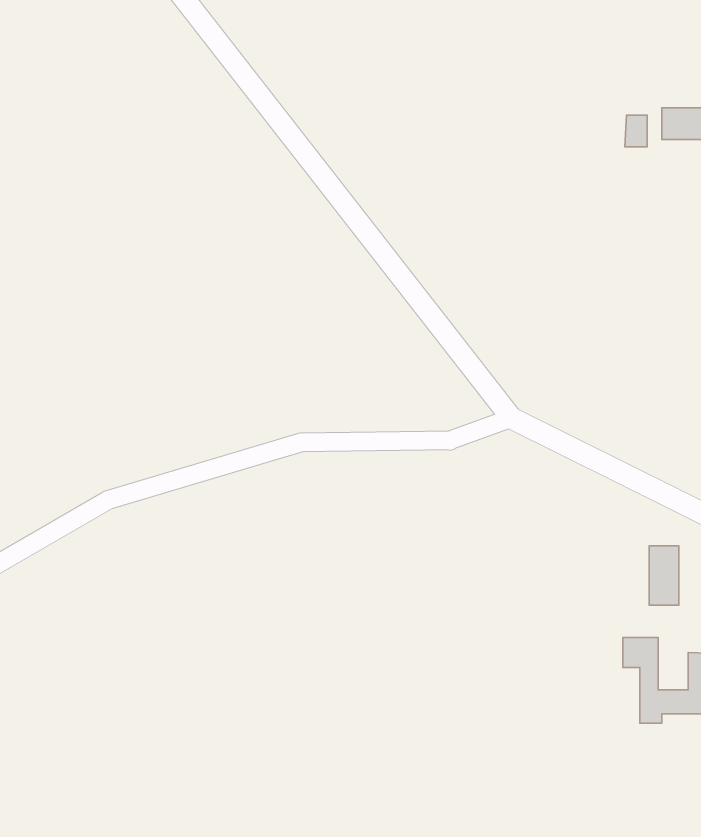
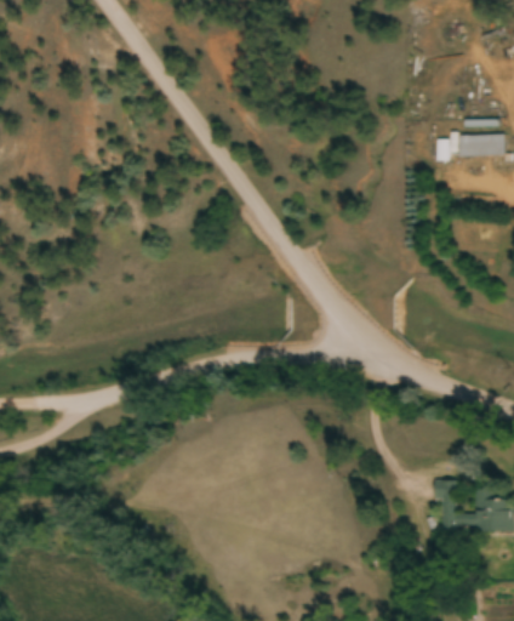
building: [649,546,679,605] -> none

